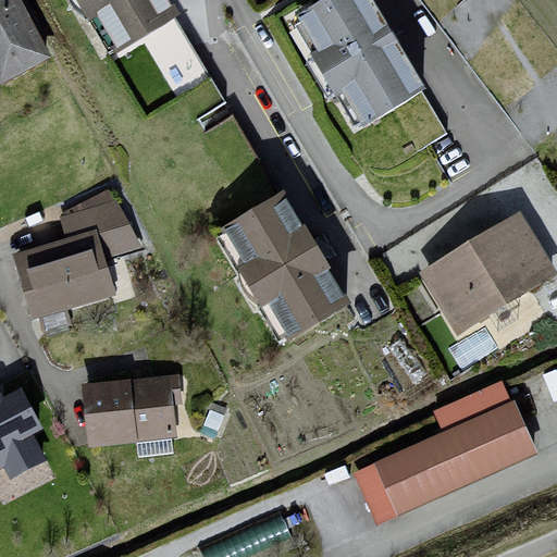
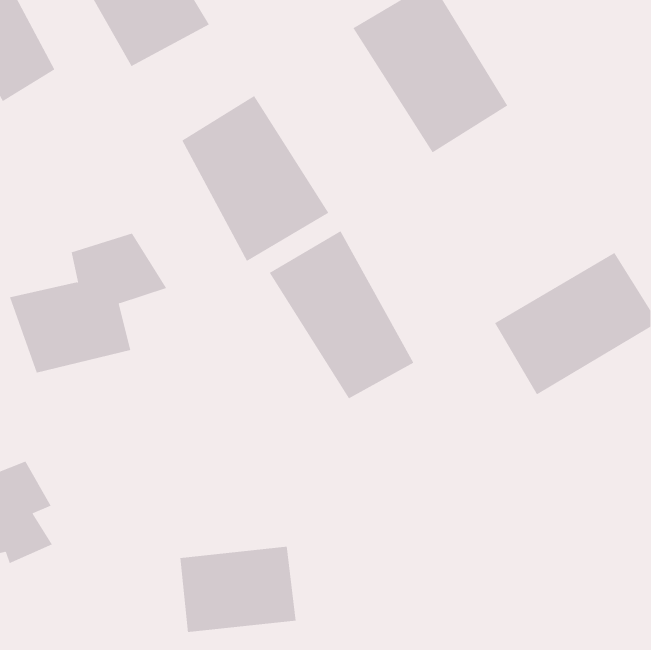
building: none -> [182,95,329,262]
building: [79,375,178,448] -> [180,546,297,632]
building: [348,381,534,525] -> none

